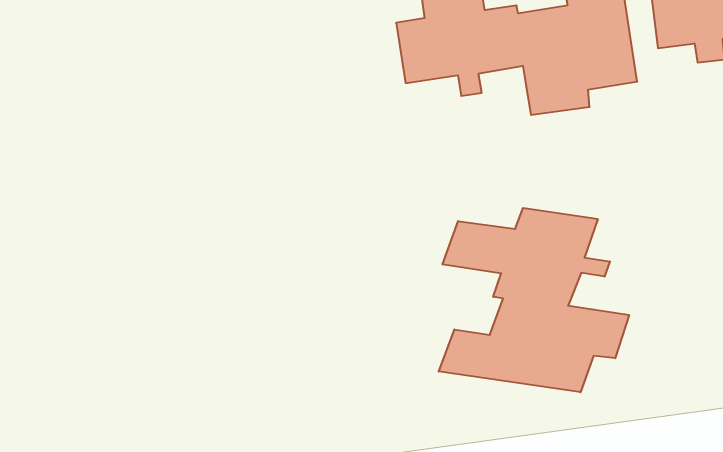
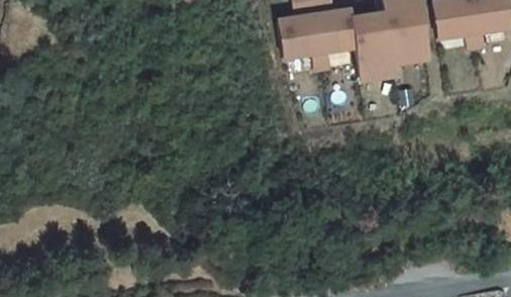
building: [439,208,629,392] -> none

